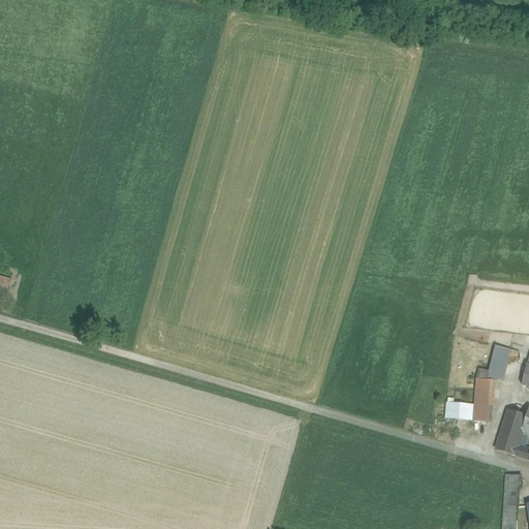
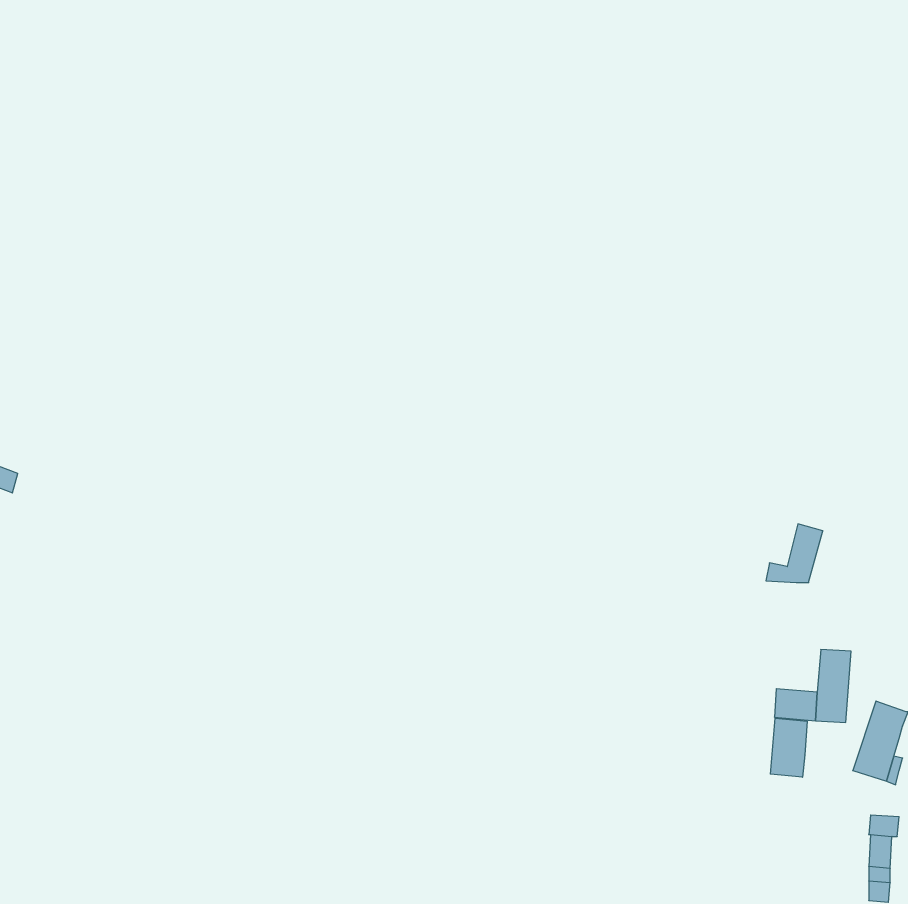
building: [476,344,509,378] -> [766,524,823,583]
building: none -> [770,718,807,777]

